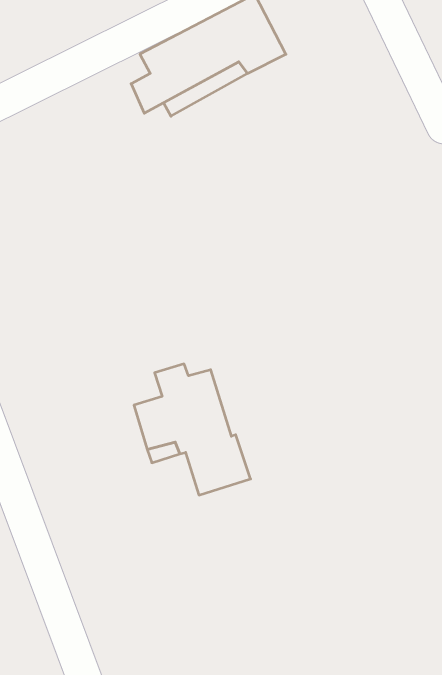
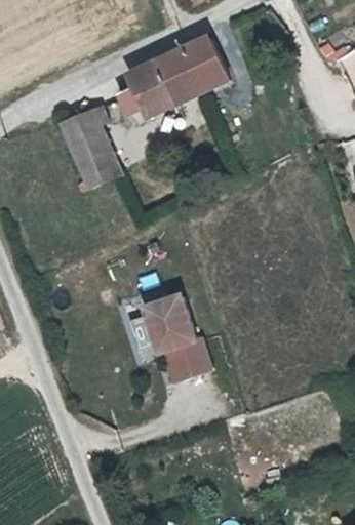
building: none -> [62,111,118,188]

